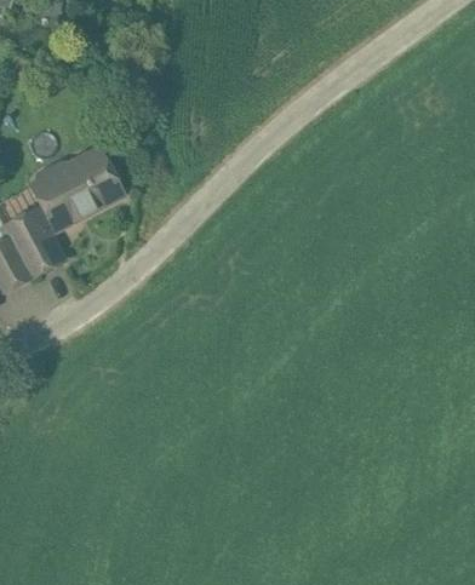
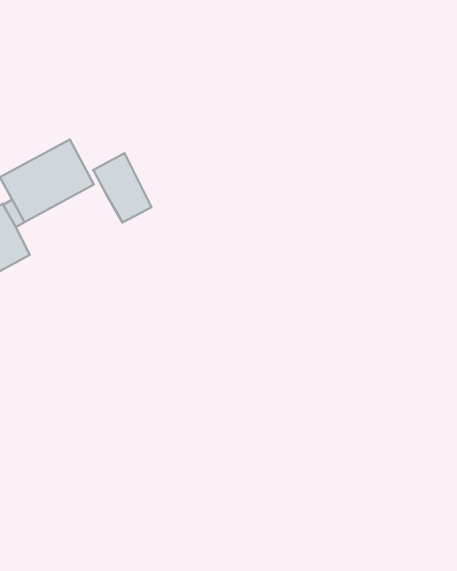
building: none -> [93,153,152,223]

